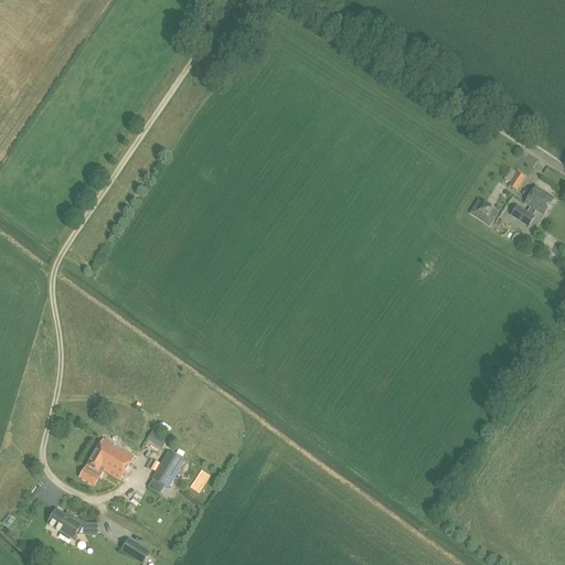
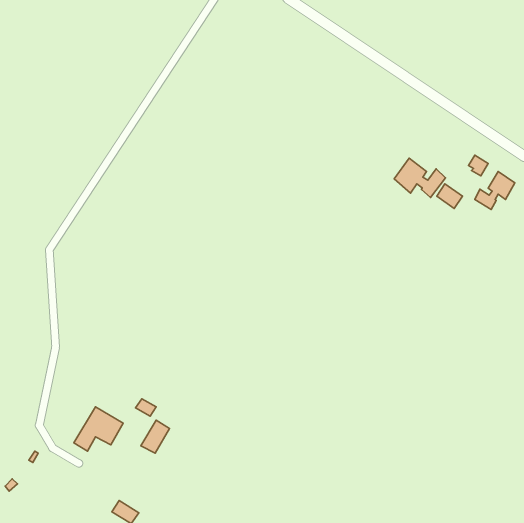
building: none -> [394,158,446,198]
building: [46,508,97,539] -> none

